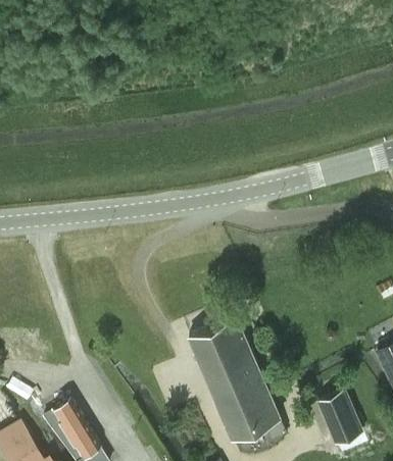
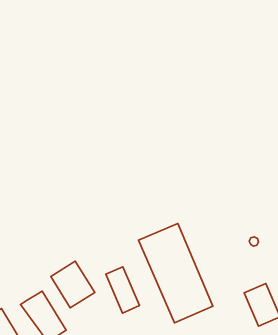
building: none -> [51,261,95,308]
building: none -> [106,267,139,313]

